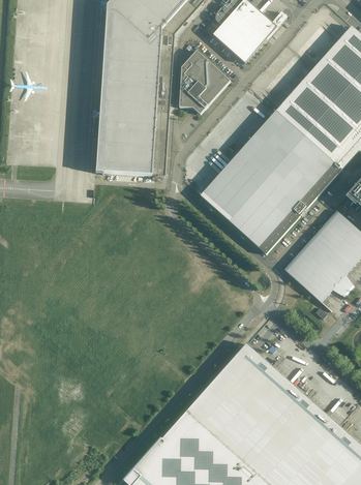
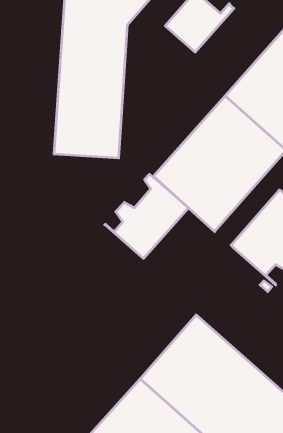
building: [179,50,230,113] -> none
building: none -> [105,174,188,258]

